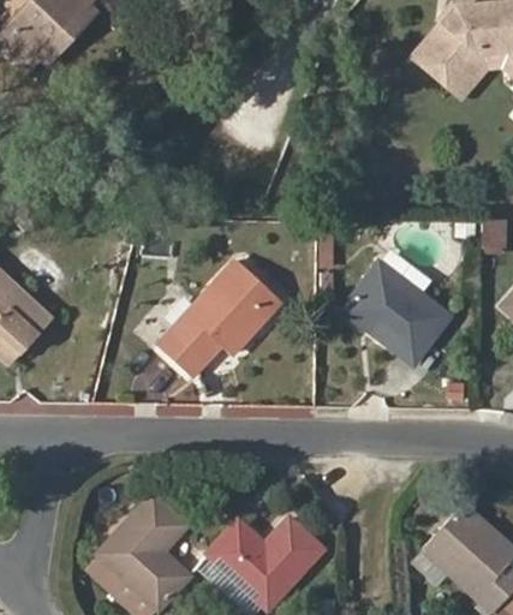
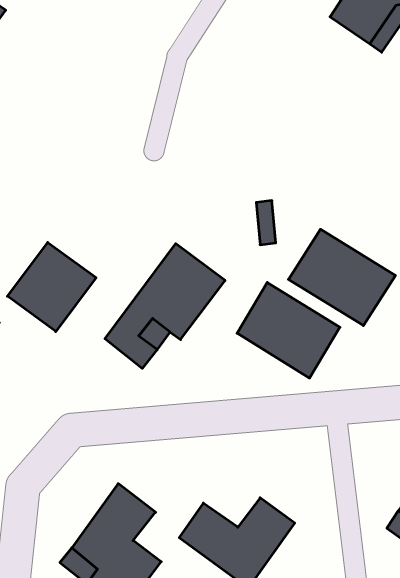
building: none -> [7,242,96,332]
building: none -> [237,282,340,378]

